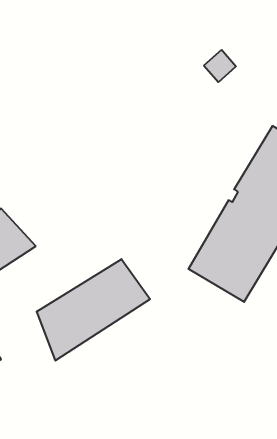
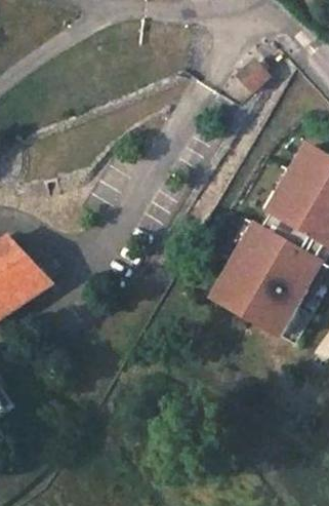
building: [37,259,150,361] -> none

